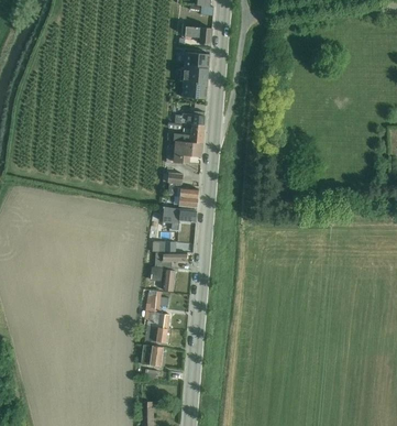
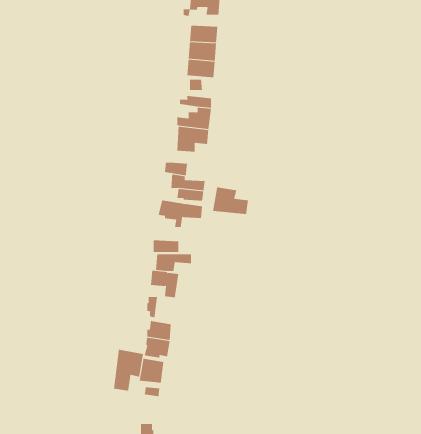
building: none -> [213,187,248,215]
building: none -> [114,349,143,391]

